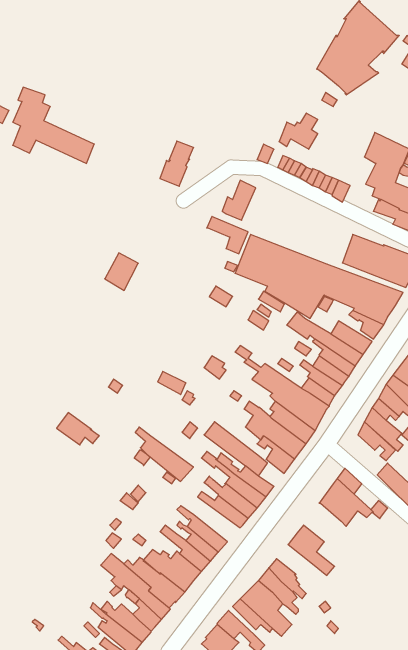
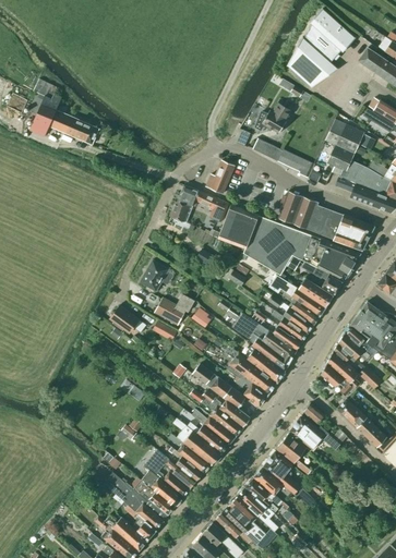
building: [160,141,194,186] -> [169,185,197,223]
building: none -> [277,192,317,230]
building: [105,253,138,290] -> [140,260,168,292]
building: none -> [154,295,193,326]
building: [57,413,99,445] -> [109,306,145,333]
building: [135,427,193,481] -> [172,420,221,465]
building: none -> [276,433,311,476]
building: none -> [253,468,283,507]

